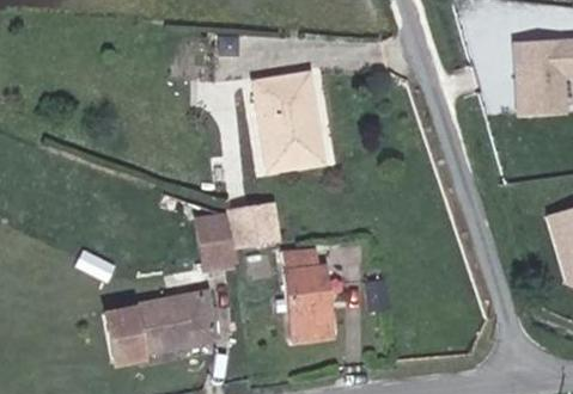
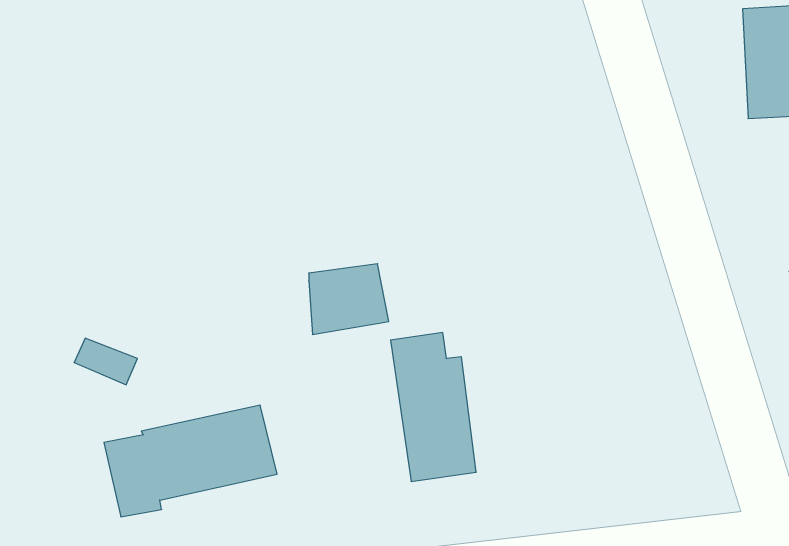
building: [256,74,330,172] -> none
building: [196,216,237,275] -> none

